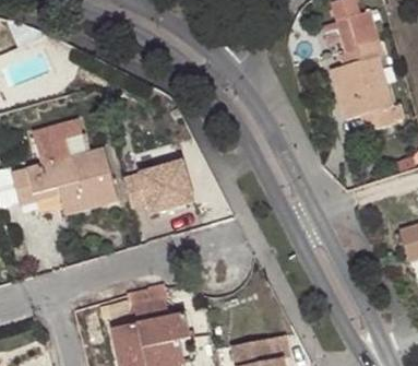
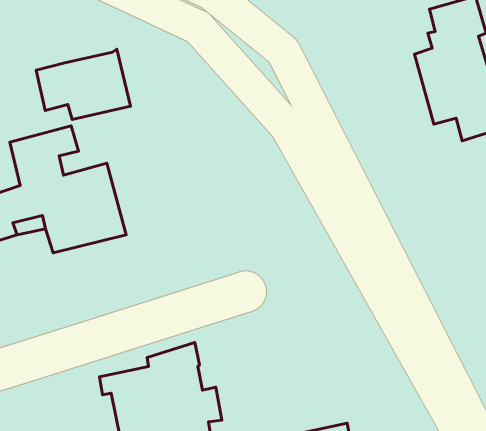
building: [124,161,193,212] -> [36,49,130,119]

